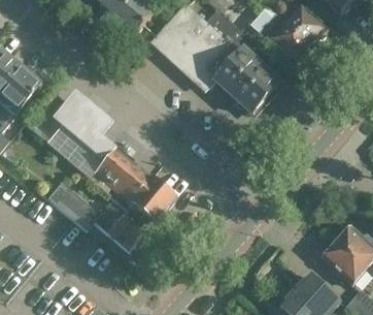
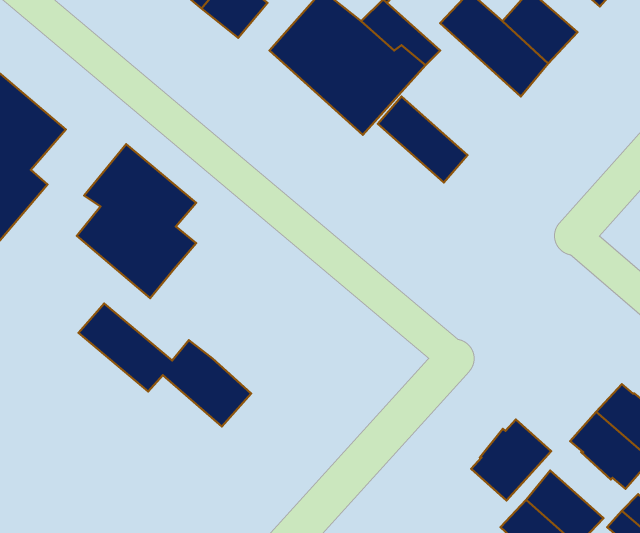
building: [228,48,279,96] -> none
building: [94,146,174,220] -> none
building: none -> [471,420,551,500]

